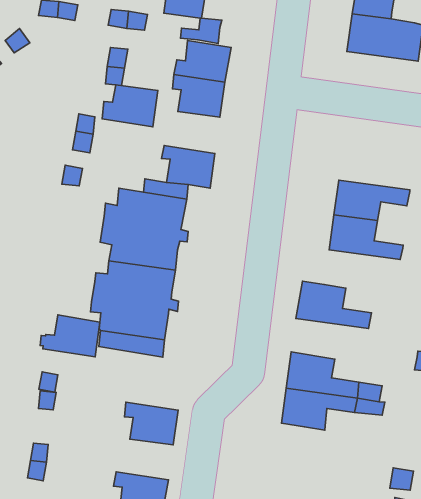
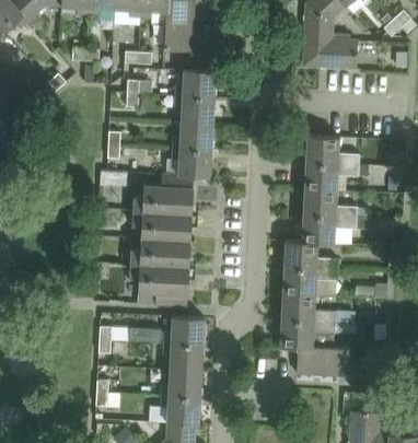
building: [102,85,158,127] -> [174,123,213,151]
building: none -> [306,136,360,164]
building: none -> [303,214,358,243]
building: [40,315,100,357] -> [162,316,205,345]
building: none -> [283,268,339,295]
building: none -> [297,346,352,376]
building: none -> [162,370,202,397]

